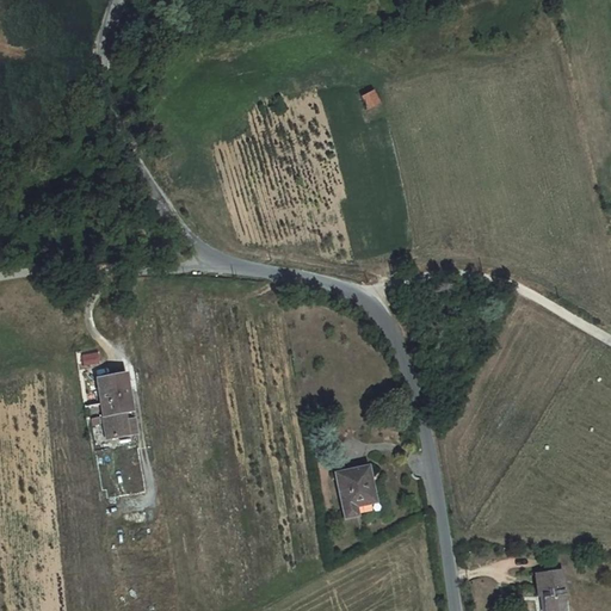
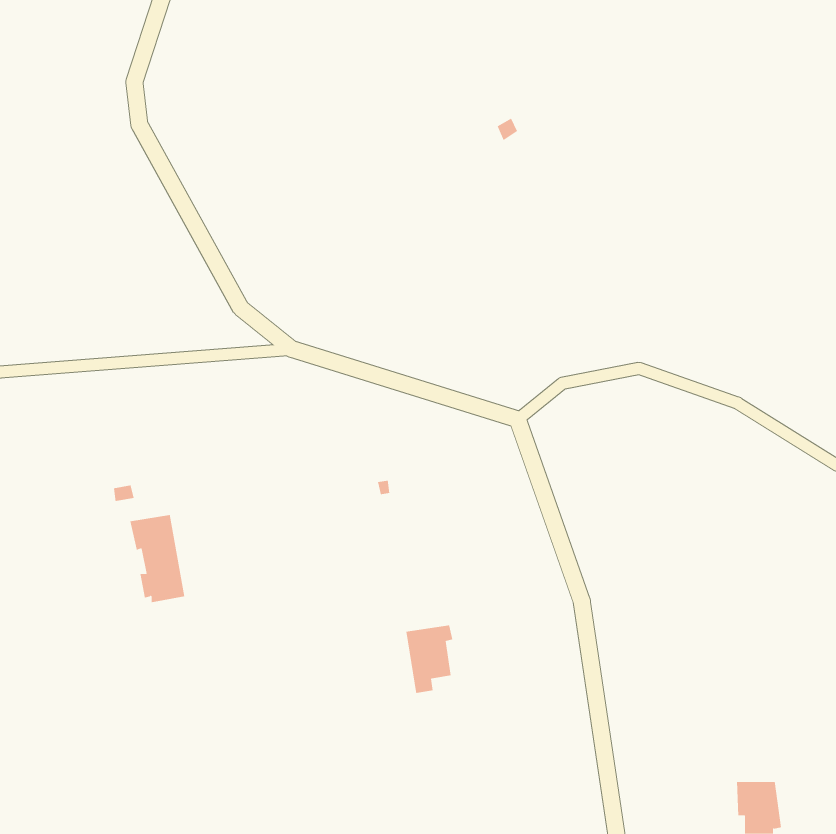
building: [335,469,370,519] -> [406,625,453,694]

